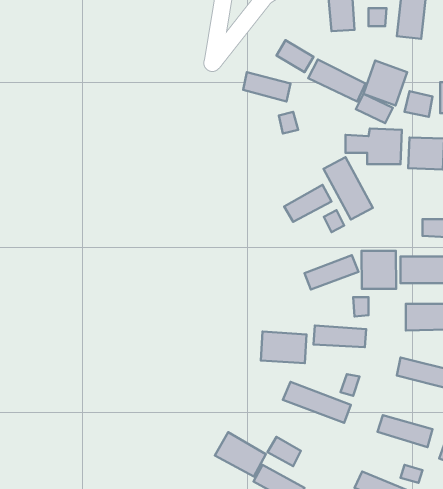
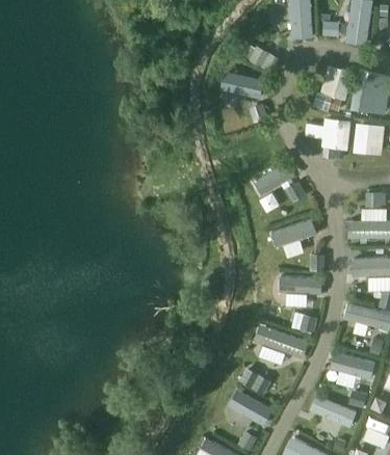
building: [308,60,365,102] -> none
building: [324,157,373,219] -> none
building: [362,251,396,289] -> none
building: [261,332,306,363] -> none
building: [215,432,266,477] -> none

